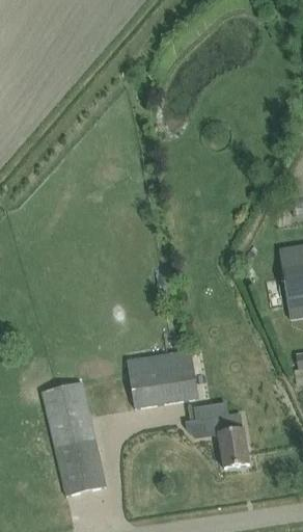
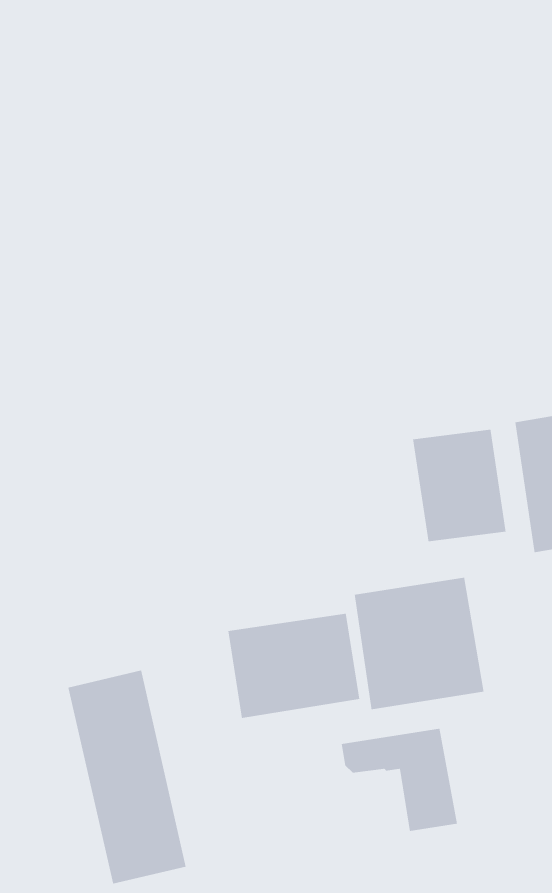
building: none -> [413,429,506,542]
building: none -> [354,577,484,710]

